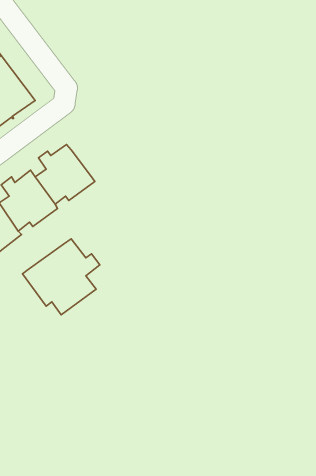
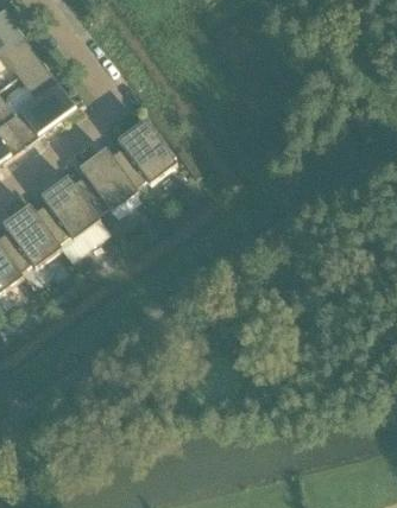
building: none -> [113,125,176,188]
building: [22,239,100,315] -> none

